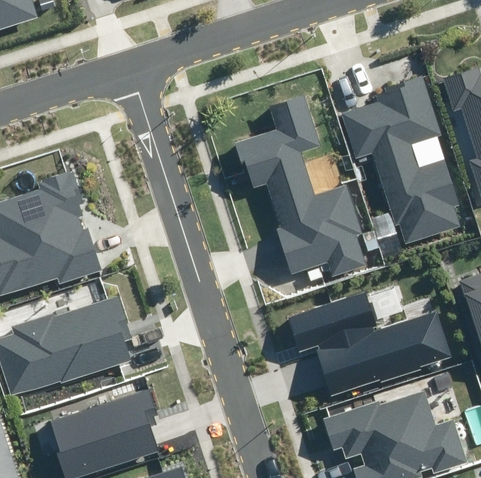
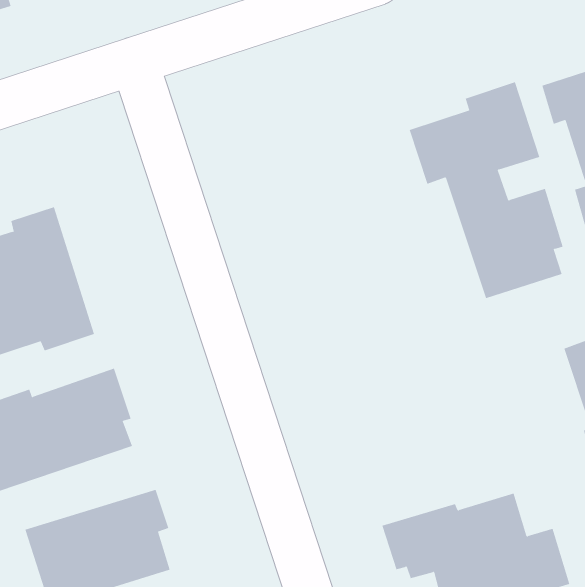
building: [234,96,369,279] -> none
building: [285,294,448,396] -> none

